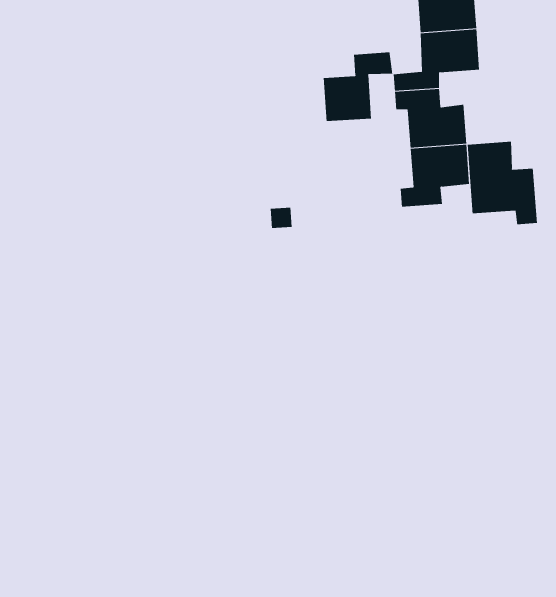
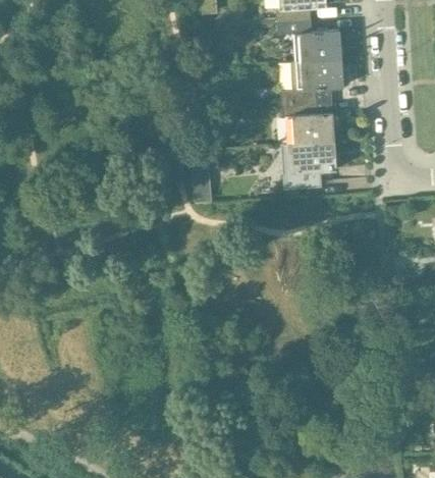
building: [323,51,393,122] -> none
building: [467,141,538,225] -> none

